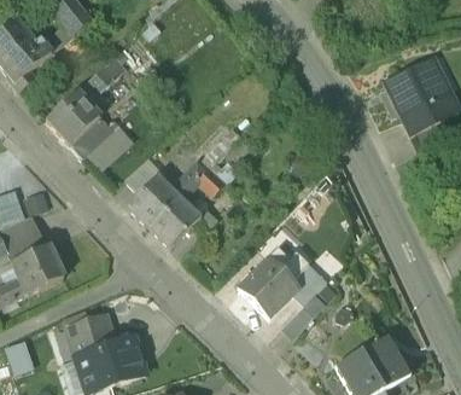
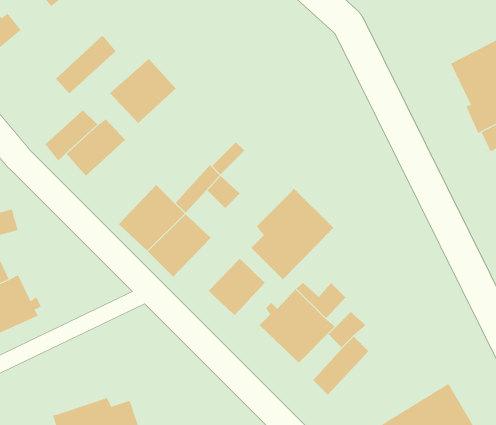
building: [47,91,100,143] -> [109,58,176,124]
building: none -> [250,188,334,280]
building: none -> [208,258,265,316]
building: [71,314,117,355] -> none

